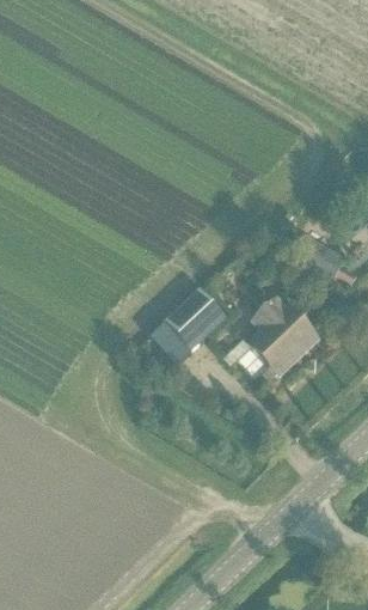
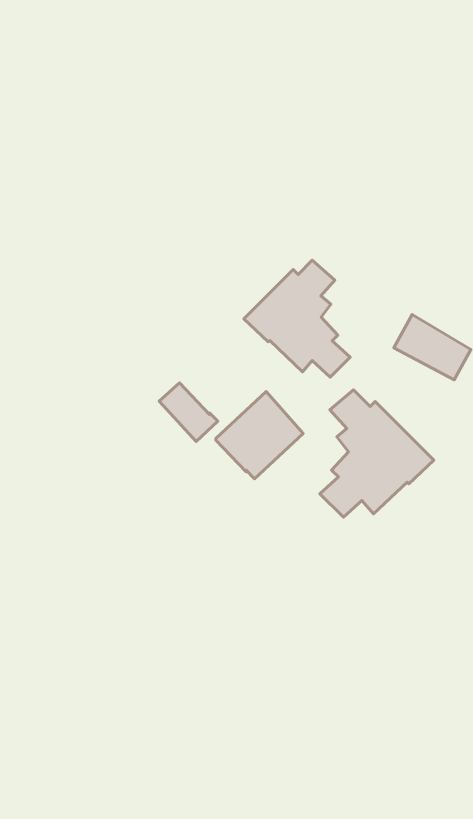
building: none -> [244,260,350,377]
building: [149,323,191,365] -> [159,383,218,441]

